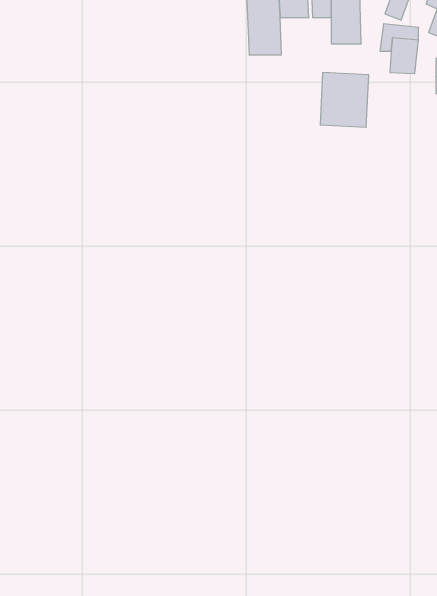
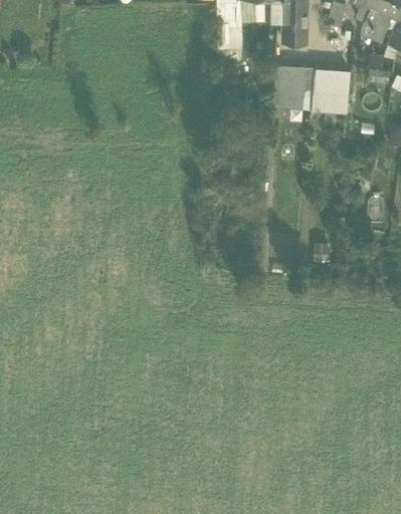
building: none -> [312,64,352,111]

